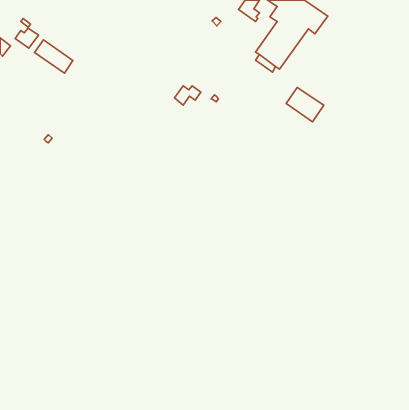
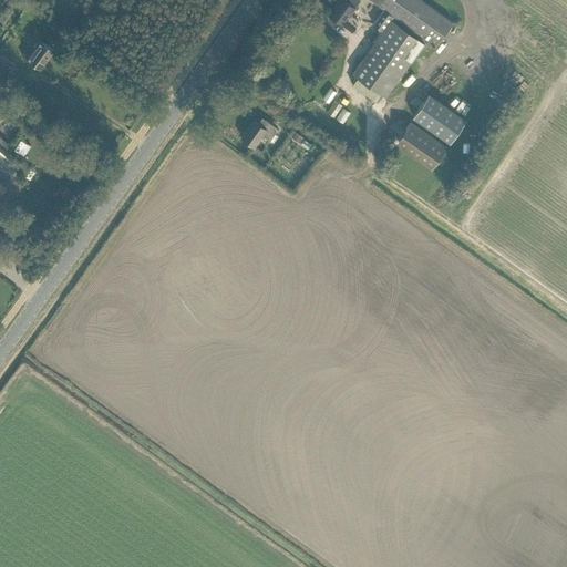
building: [34,40,73,73] -> none
building: none -> [414,92,467,142]

